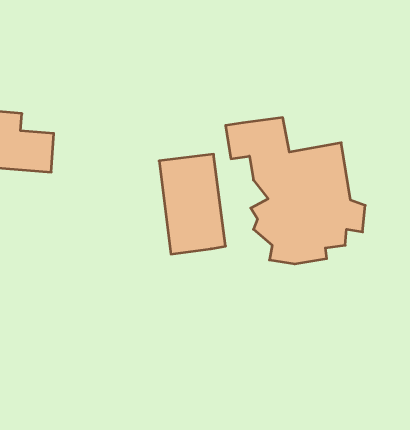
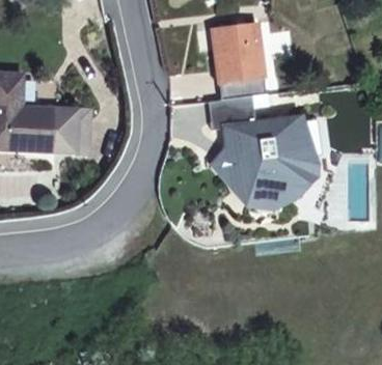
building: [159,154,226,254] -> [214,29,266,107]

